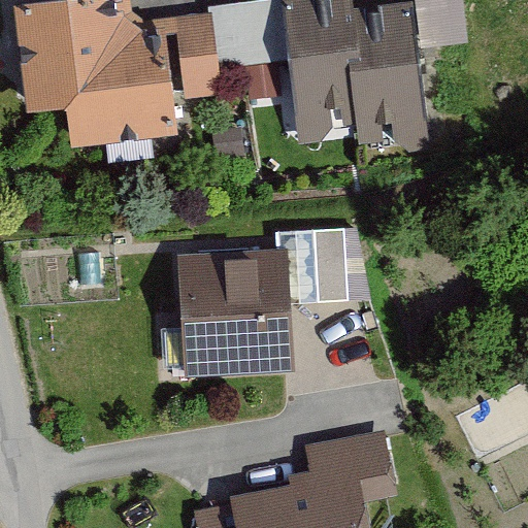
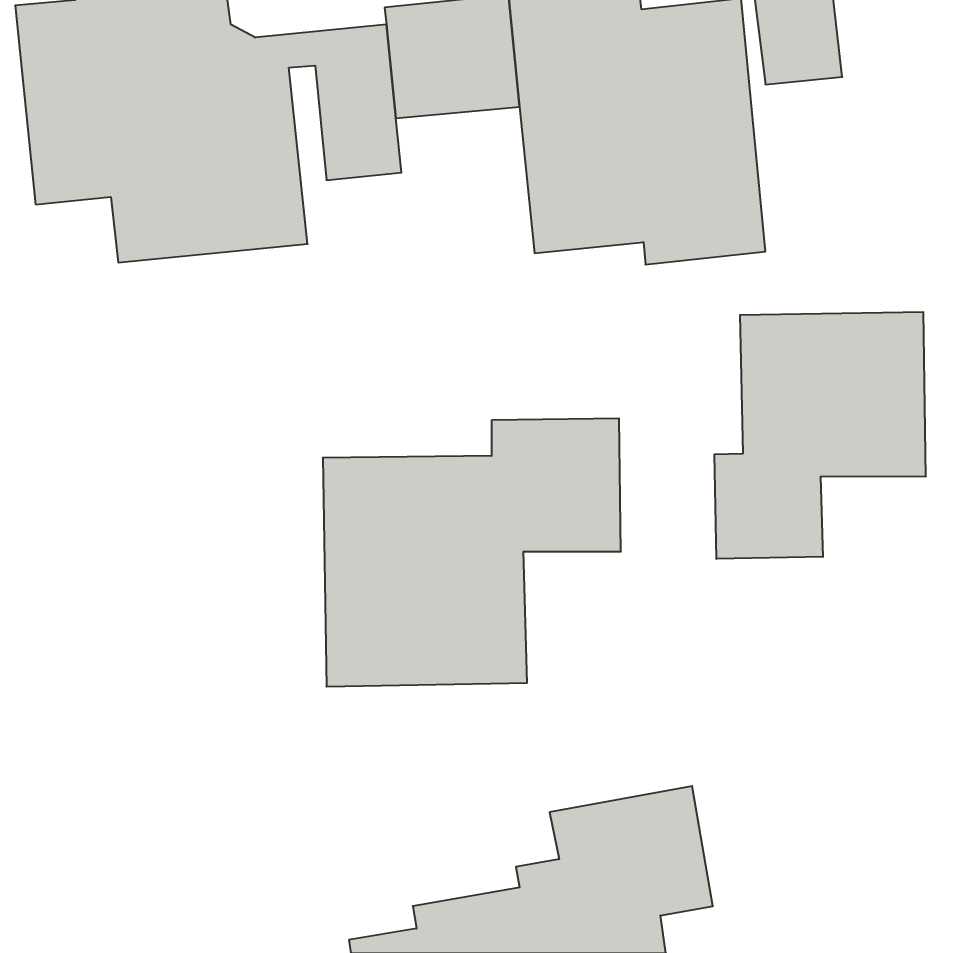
building: none -> [714,312,926,559]

